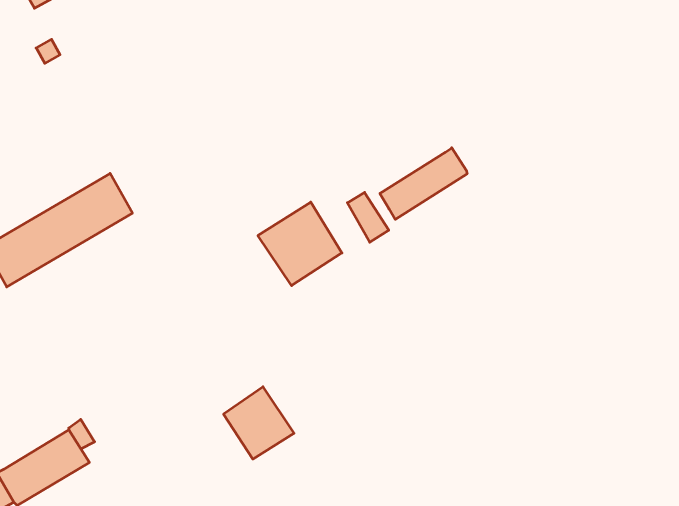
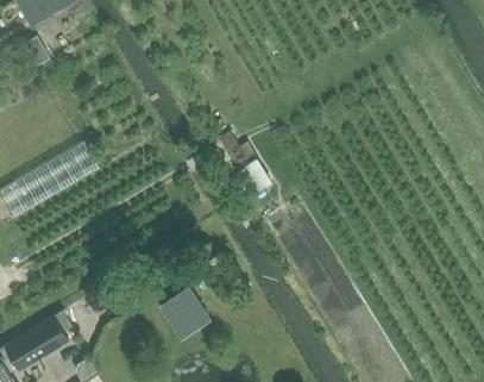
building: [380,148,467,219] -> none
building: [258,202,342,286] -> none

